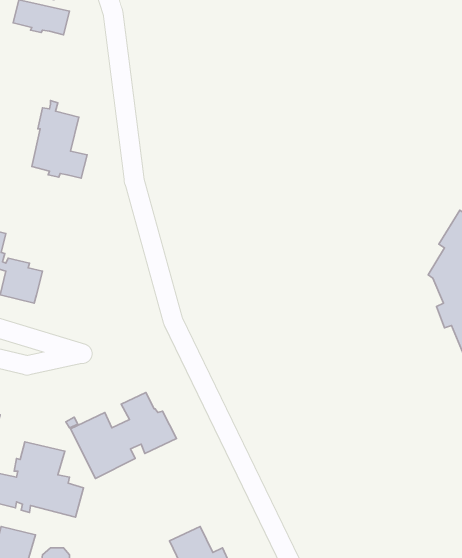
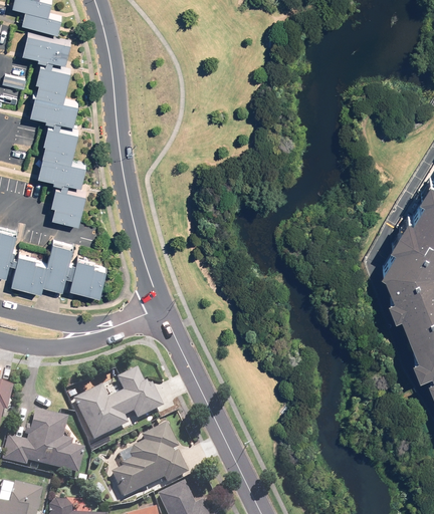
building: none -> [31,59,79,124]
building: none -> [52,182,86,224]
building: none -> [43,242,106,296]
building: none -> [110,424,188,499]

